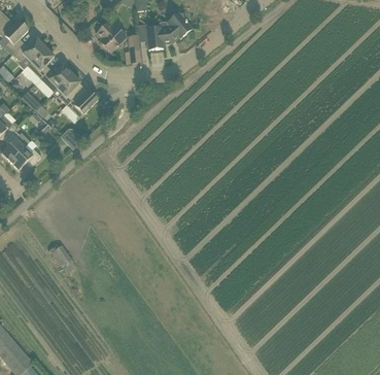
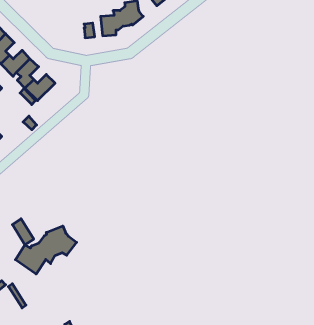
building: [95,20,123,50] -> none
building: none -> [15,226,77,274]

